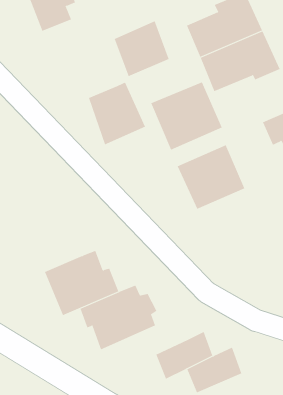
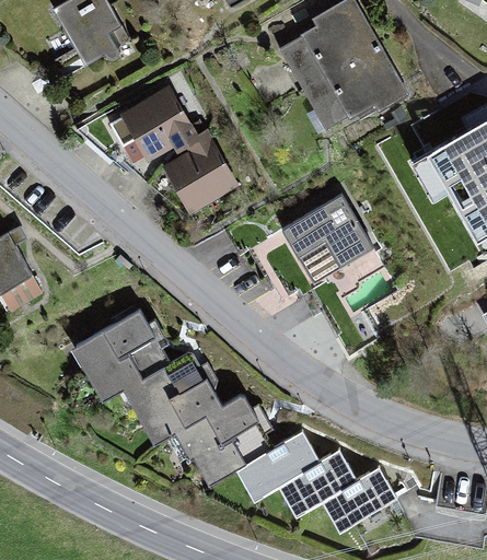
building: [114,21,170,77] -> [117,85,194,163]
building: [150,81,222,151] -> none
building: none -> [72,310,171,401]
building: none -> [236,430,320,501]

